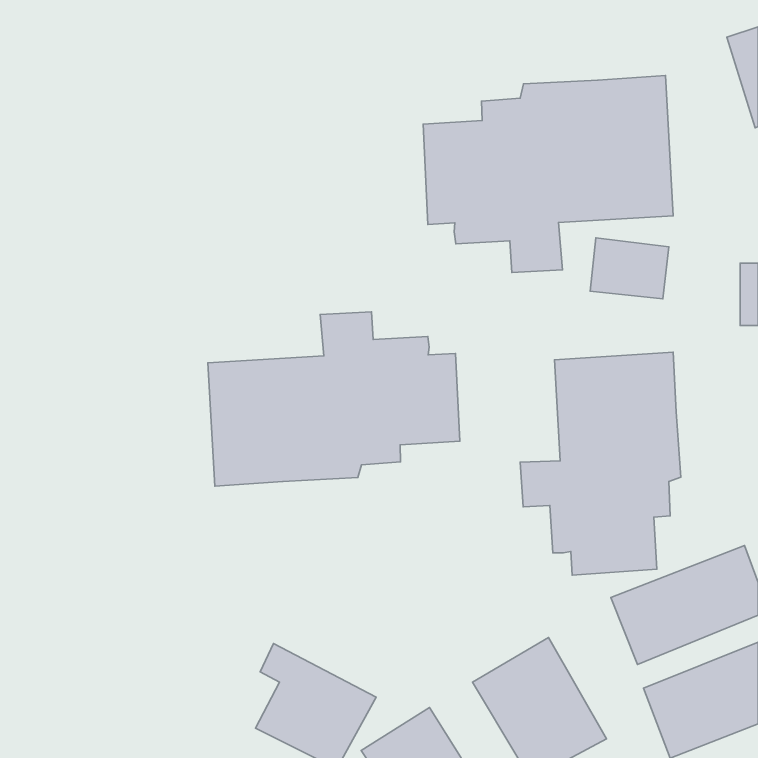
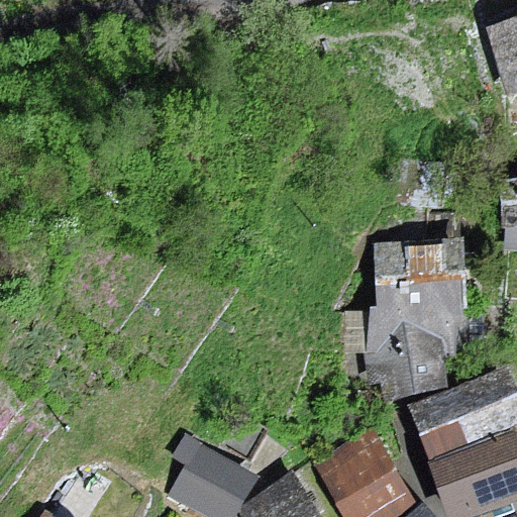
building: [423,75,673,272] -> none
building: [208,312,460,486] -> none

